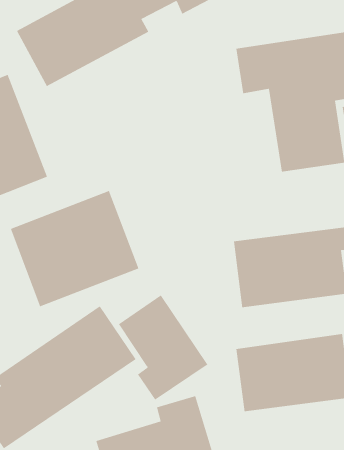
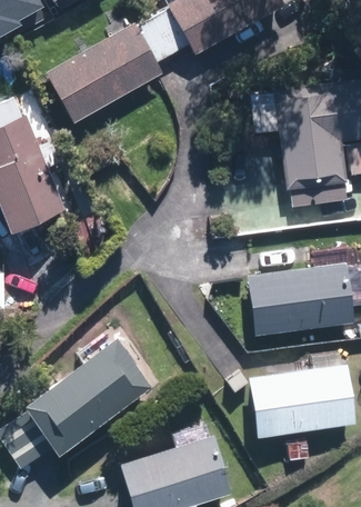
building: [10,190,139,307] -> none
building: [118,295,208,401] -> none

